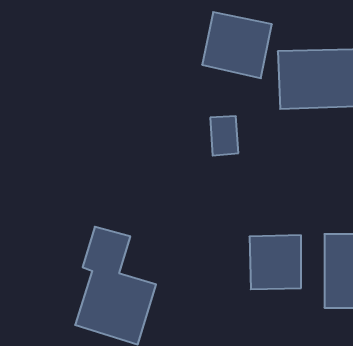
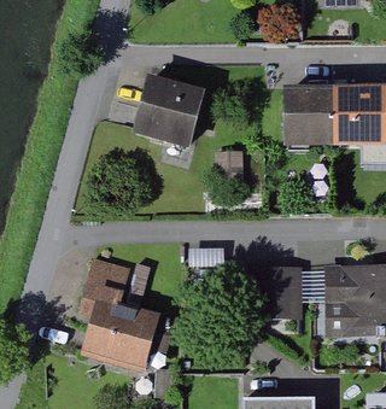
building: [202,12,272,78] -> [134,77,203,142]

